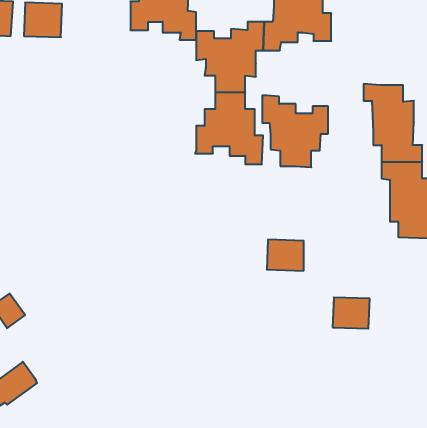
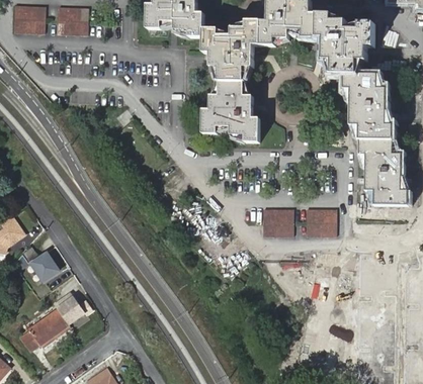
building: [262,95,328,167] -> [317,15,372,76]
building: [333,297,370,329] -> [306,207,337,233]
building: none -> [53,293,83,324]

